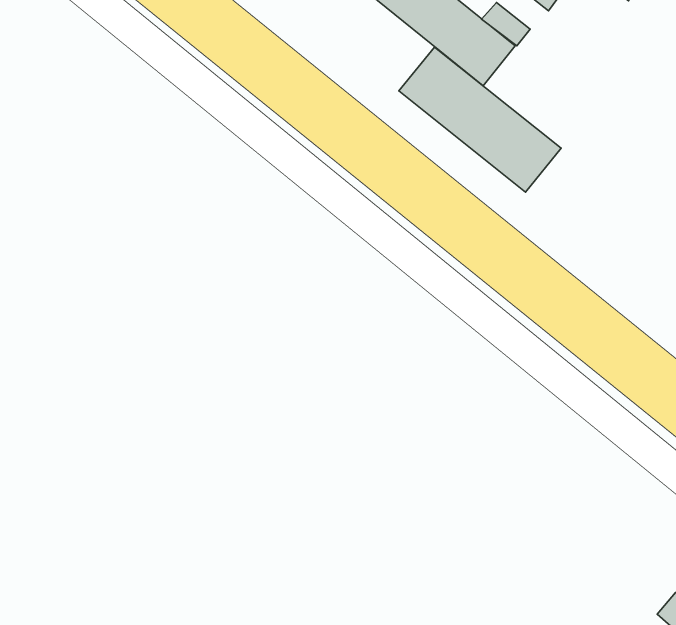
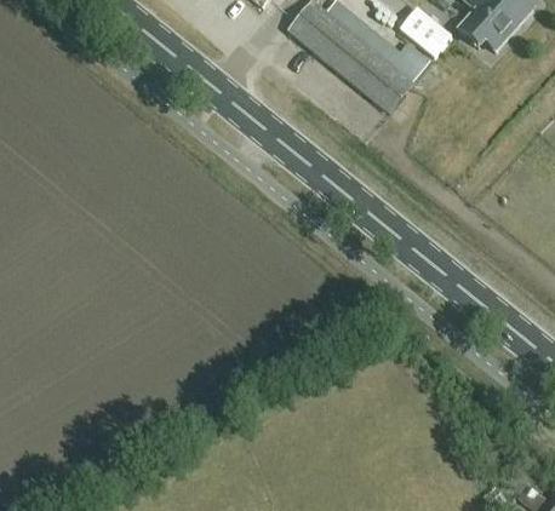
building: [399,47,561,192] -> none

